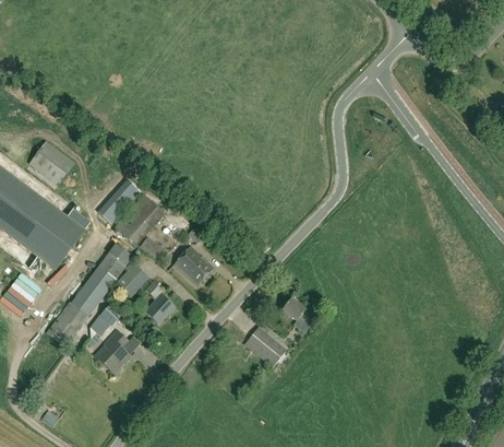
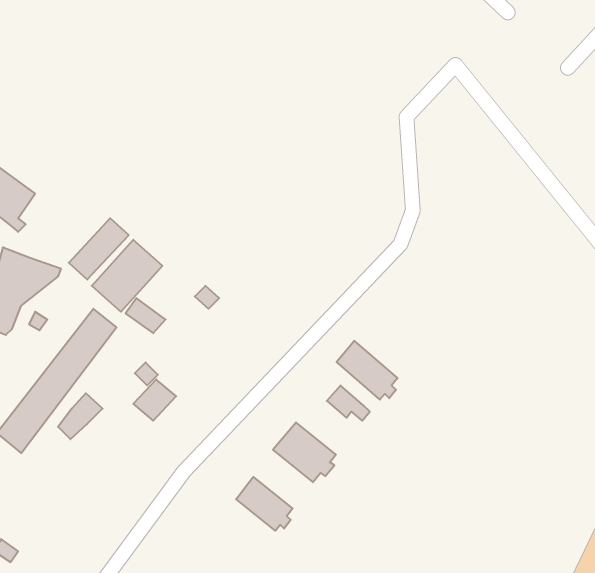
building: [173,246,214,285] -> none
building: [116,264,148,296] -> none
building: none -> [337,341,398,400]
building: [99,331,130,373] -> none
building: none -> [236,477,293,531]

